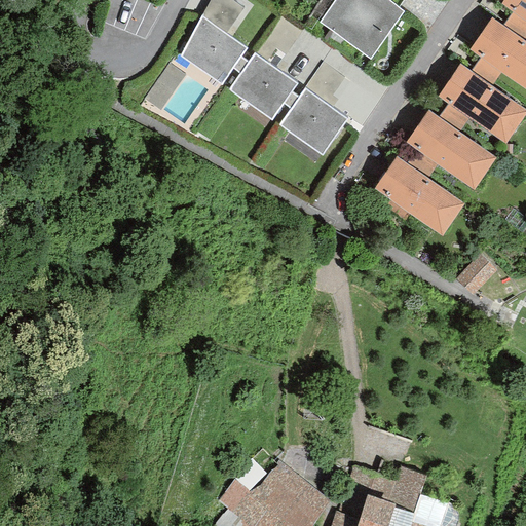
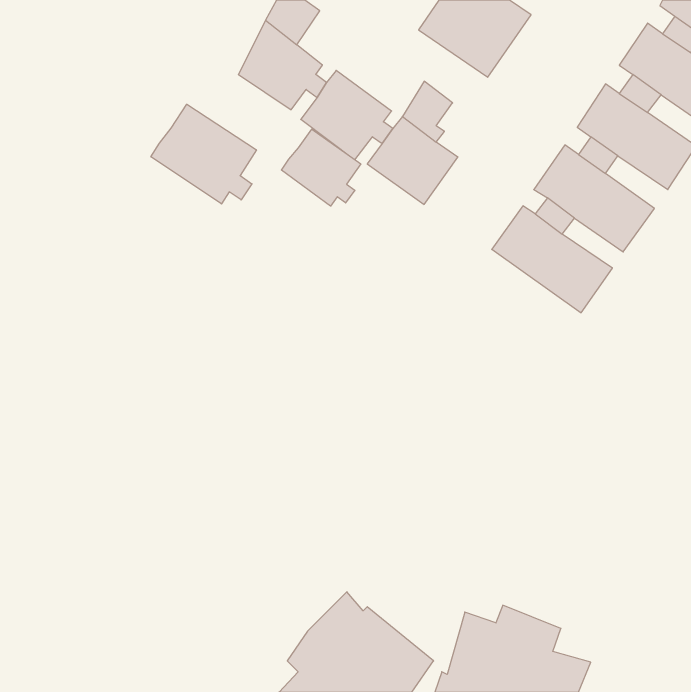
building: none -> [151,104,256,204]
building: none -> [281,129,361,206]
building: [455,253,496,295] -> none

